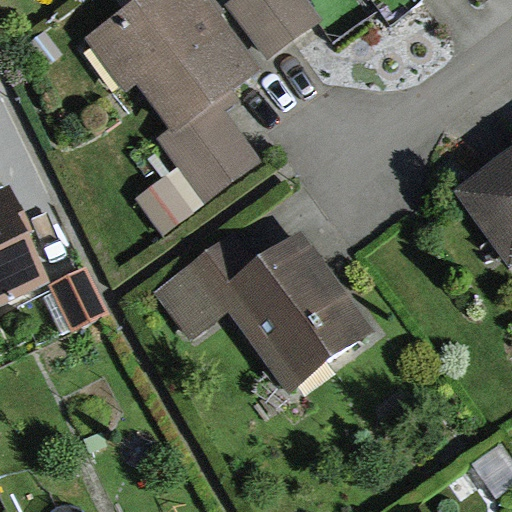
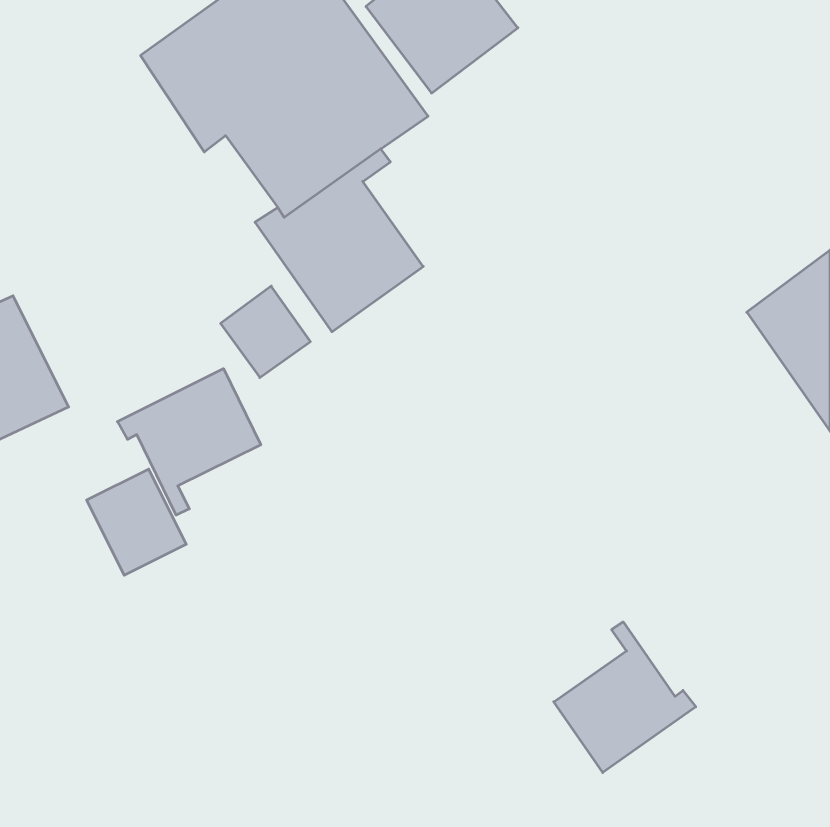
building: none -> [117,369,261,515]
building: [145,227,372,390] -> none
building: none -> [554,622,696,773]

